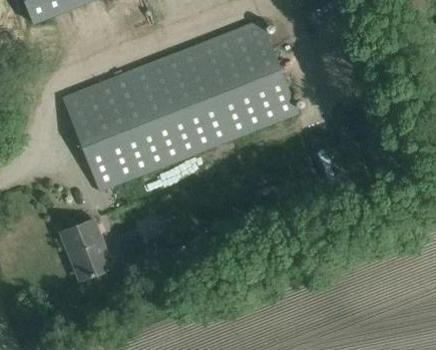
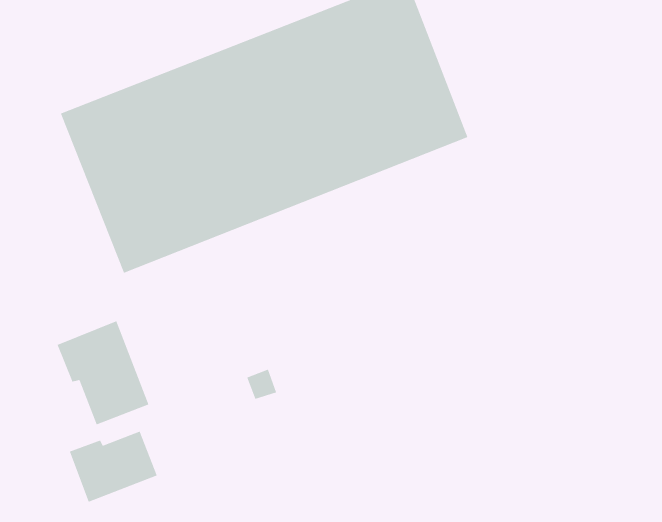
building: none -> [69,430,158,503]

